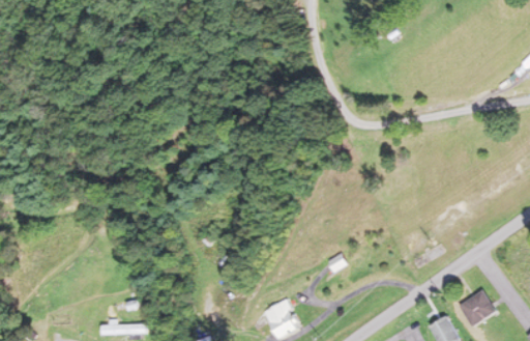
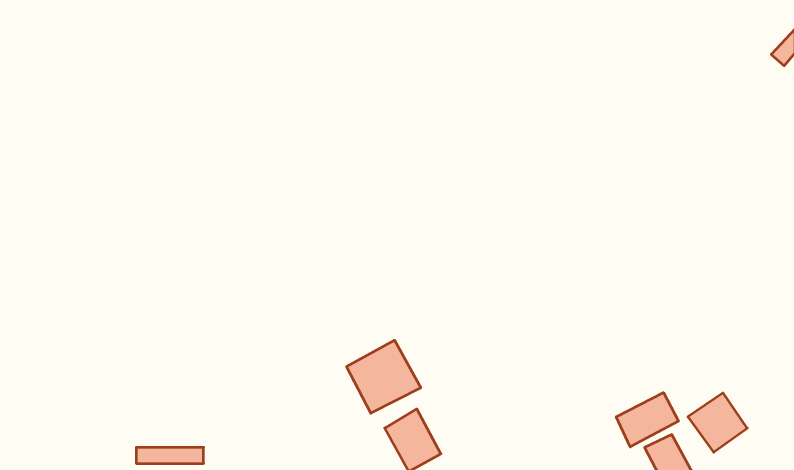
building: none -> [347,340,421,413]
building: none -> [616,393,678,447]

